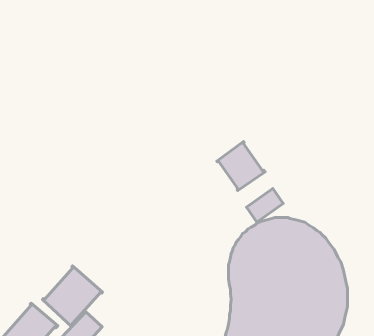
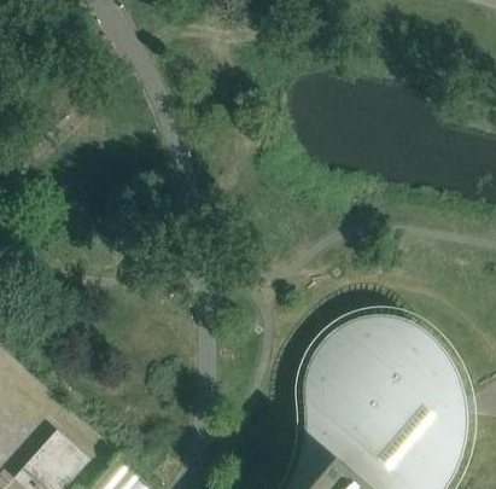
building: [217,142,265,191] -> none
building: [42,266,103,327] -> none

